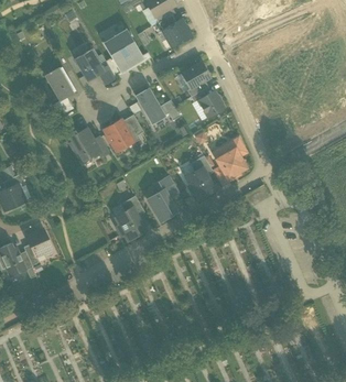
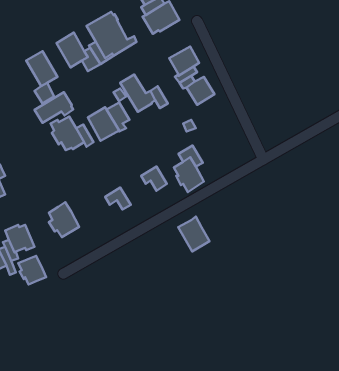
building: none -> [34,92,73,123]
building: [214,138,245,177] -> none
building: [147,188,176,221] -> [178,217,210,251]
building: [116,207,144,240] -> [49,202,79,237]
building: none -> [18,256,46,284]

